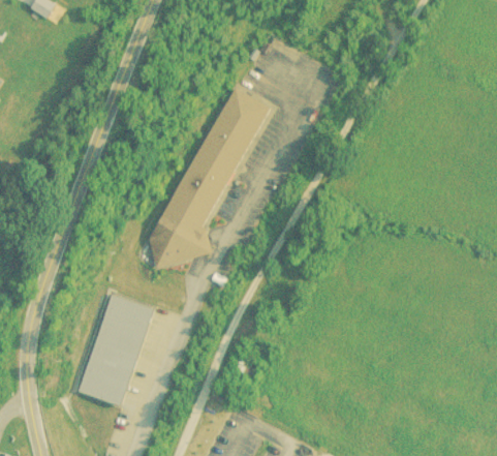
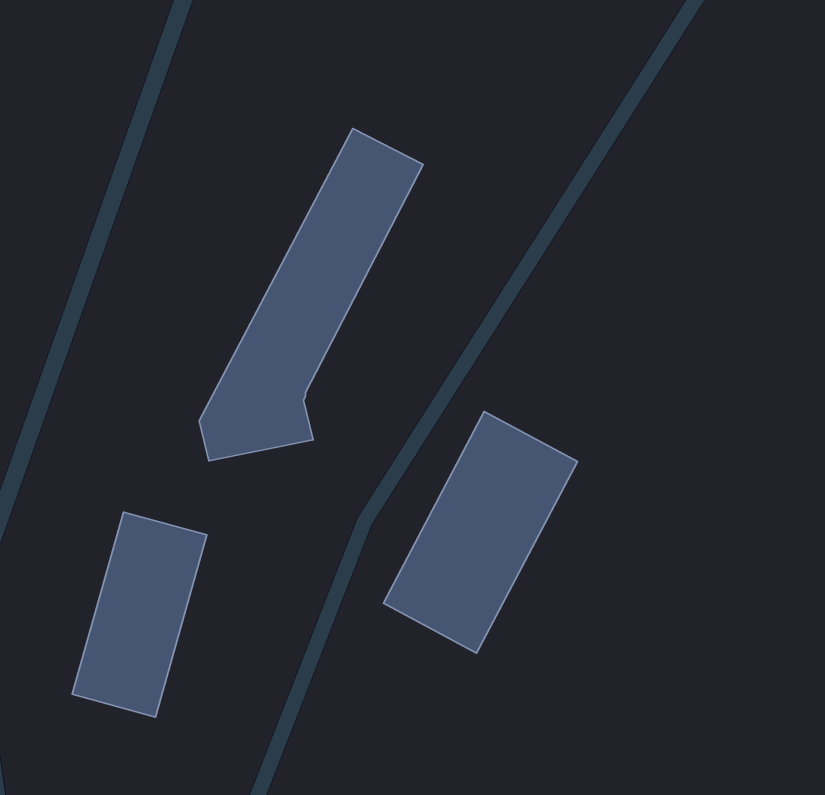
building: none -> [384,412,577,653]

